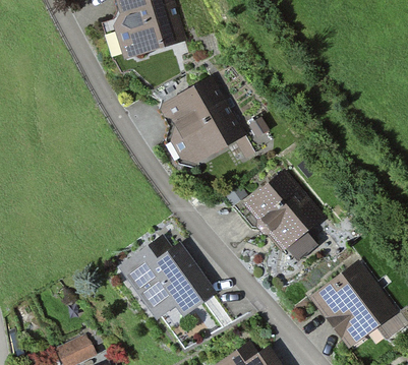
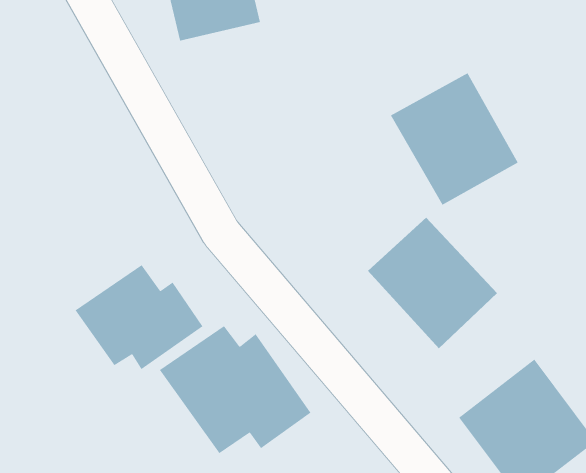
building: [166,81,248,167] -> [390,72,519,206]
building: none -> [74,264,204,370]

